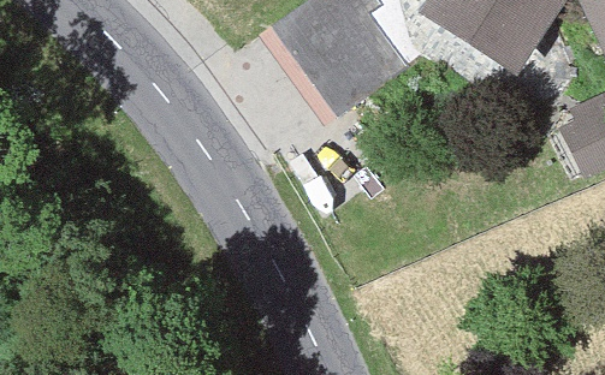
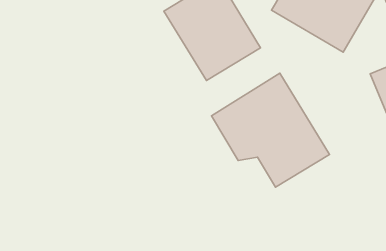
building: none -> [211,73,329,187]

